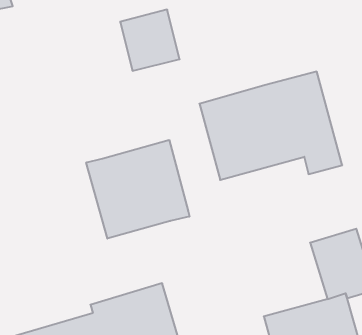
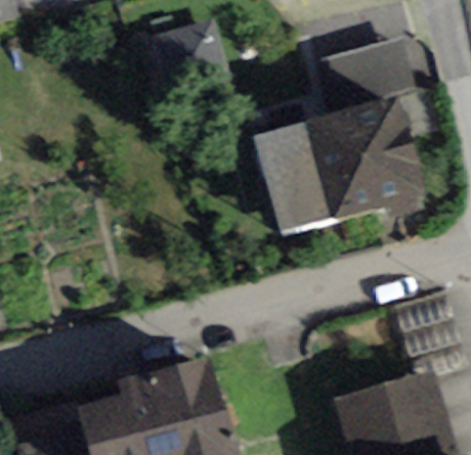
building: none -> [324,38,417,112]
building: [86,140,189,239] -> none

